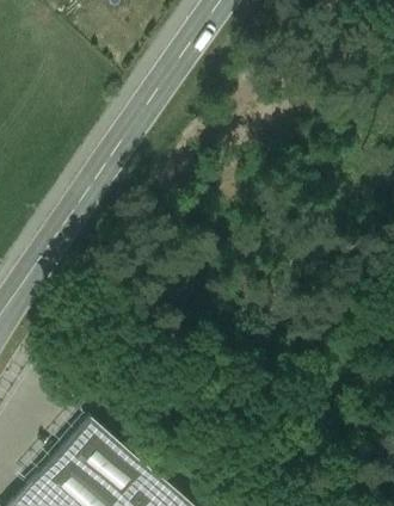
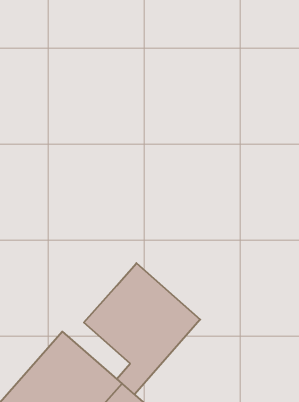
building: none -> [84,263,200,394]

